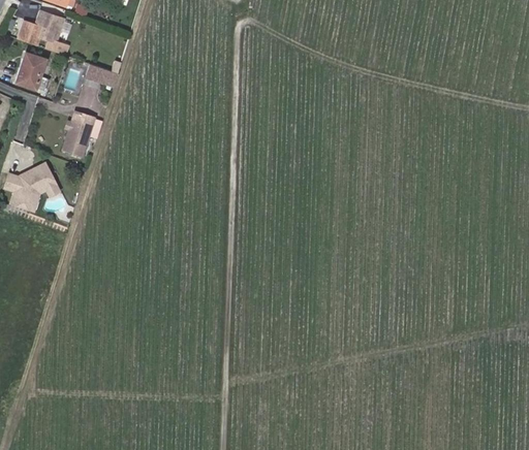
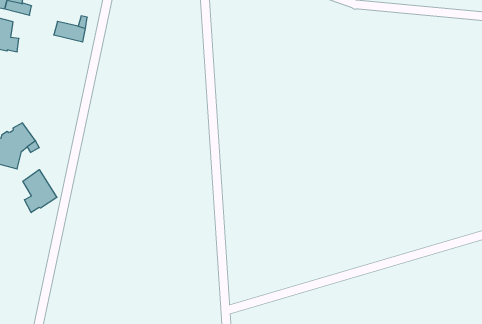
building: [63,110,94,154] -> none
building: none -> [23,170,57,213]

